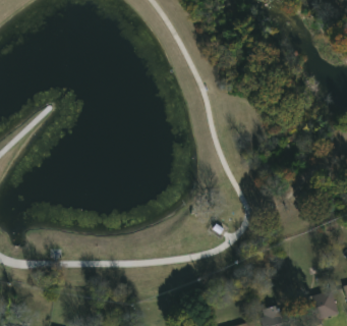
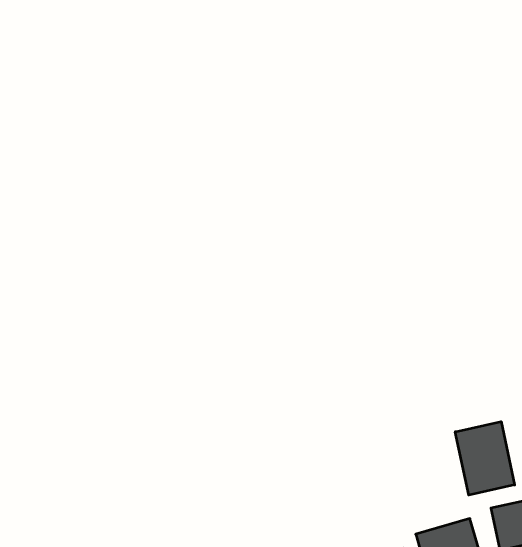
building: none -> [455,422,515,495]

